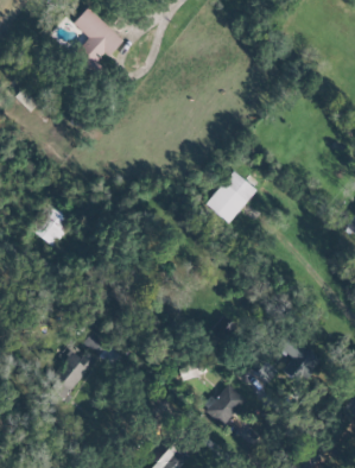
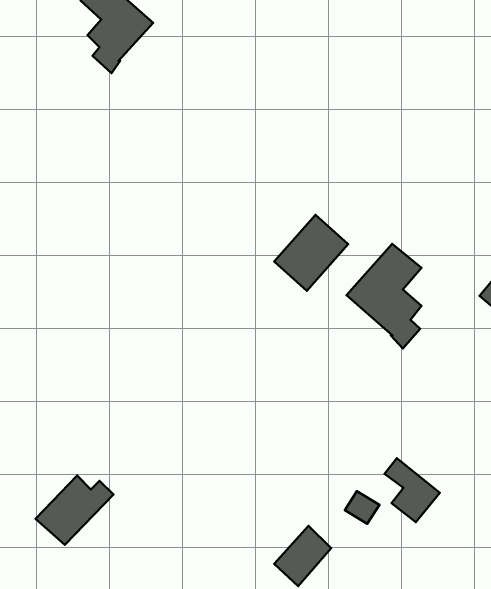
building: none -> [347,244,422,349]
building: [40,213,69,236] -> none

